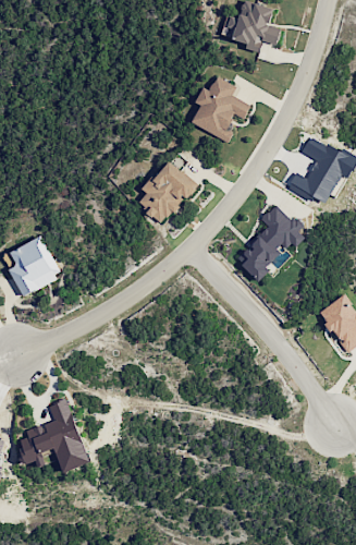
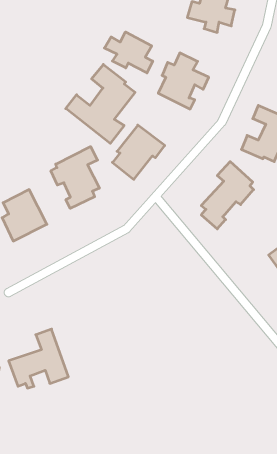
building: none -> [104,32,153,73]
building: none -> [66,64,135,143]
building: none -> [51,147,99,208]

